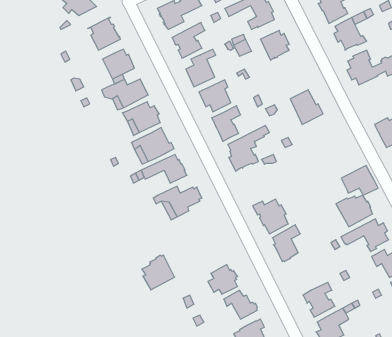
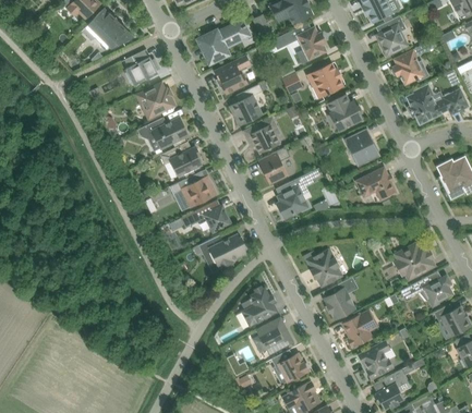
building: none -> [327,94,363,129]
building: [341,165,378,195] -> [356,167,397,199]
building: none -> [342,308,376,347]
building: [142,255,175,290] -> [241,288,277,326]

